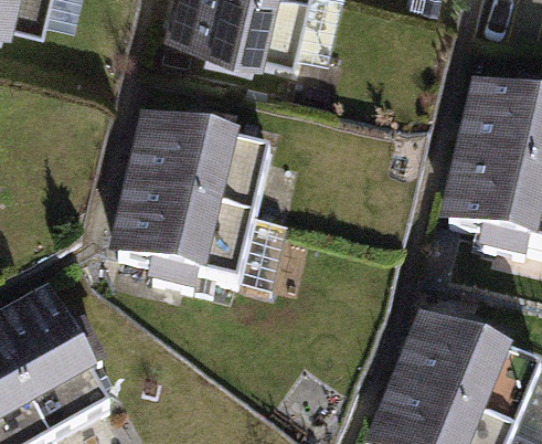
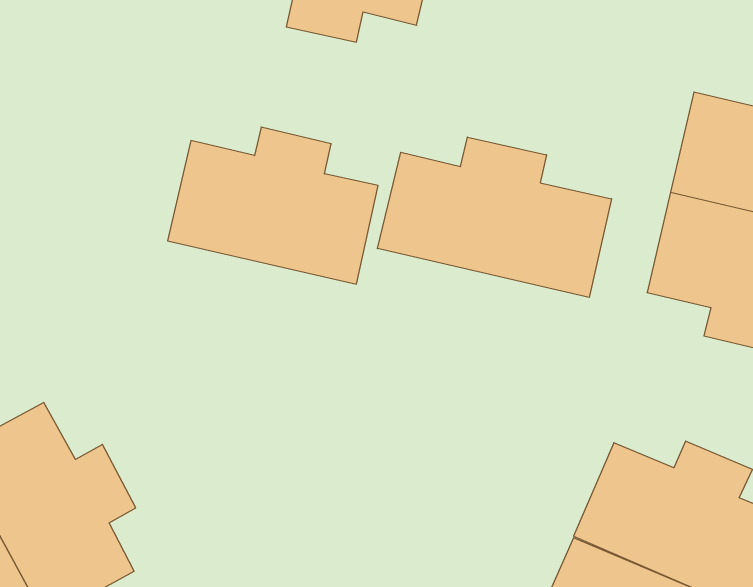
building: none -> [377,137,612,297]
building: [108,184,248,290] -> none

